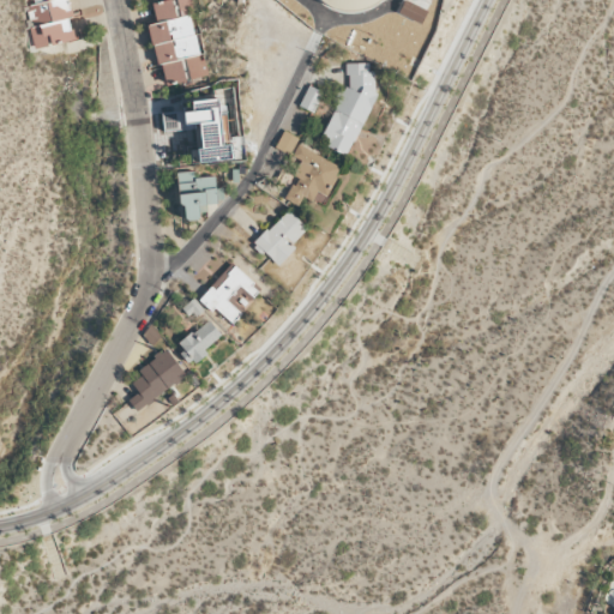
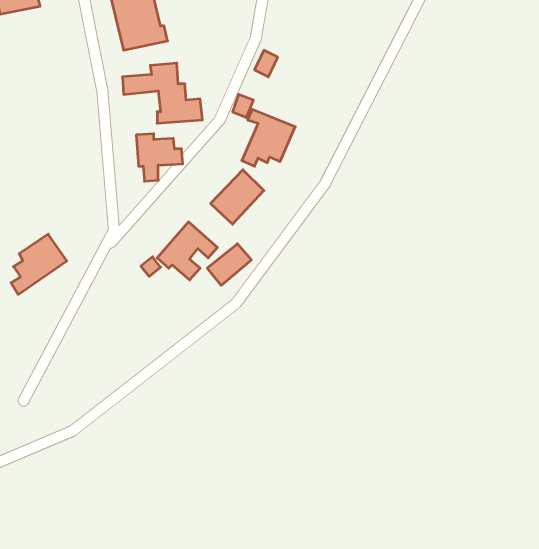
building: [320,64,373,156] -> none
building: [176,320,222,363] -> [207,244,251,285]
building: [128,349,186,411] -> [11,234,67,294]

